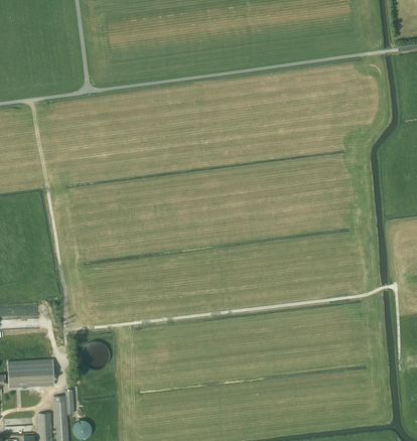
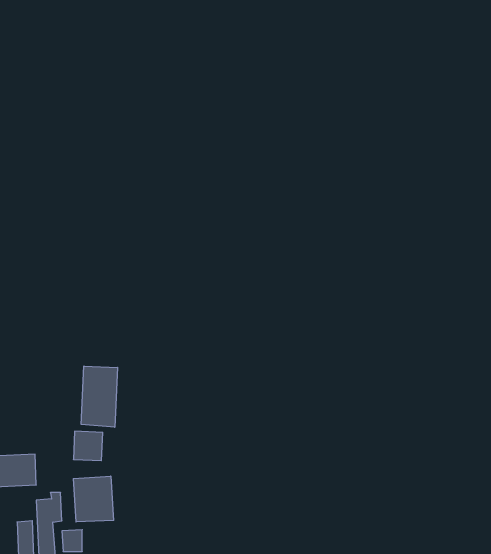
building: none -> [81,366,118,427]
building: none -> [73,476,114,522]

